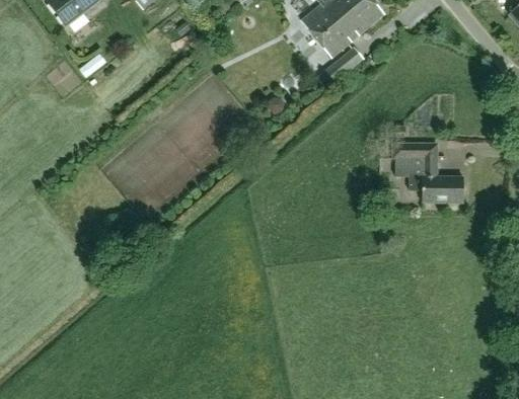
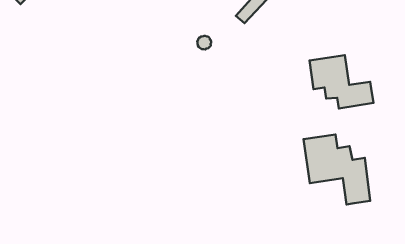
building: none -> [303,134,370,204]

